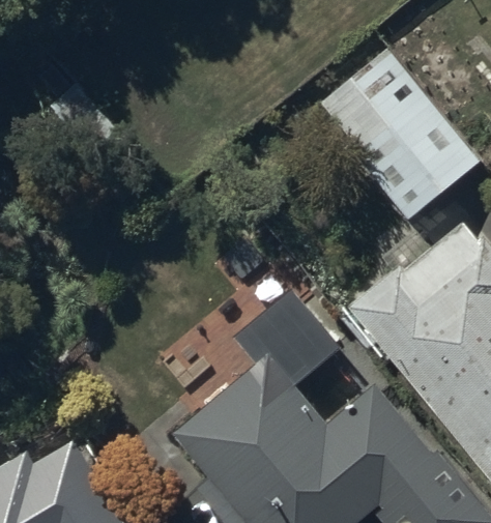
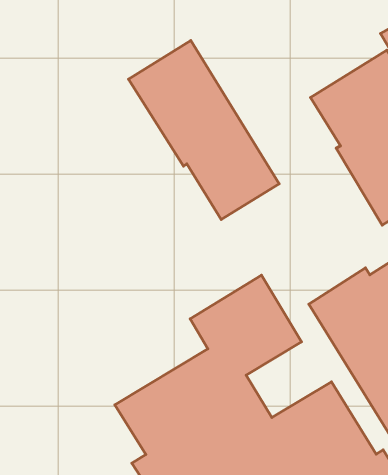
building: none -> [128,41,279,220]

